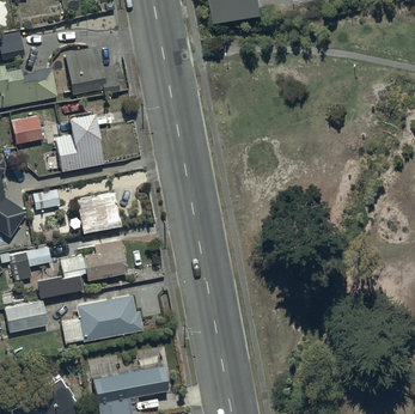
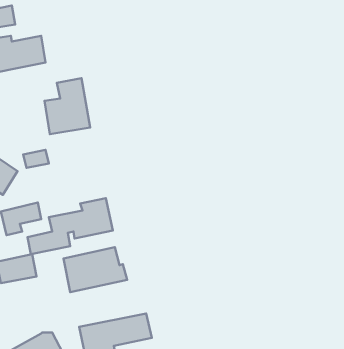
building: [65,45,120,95] -> none
building: [14,116,42,145] -> none
building: [75,191,120,233] -> none

